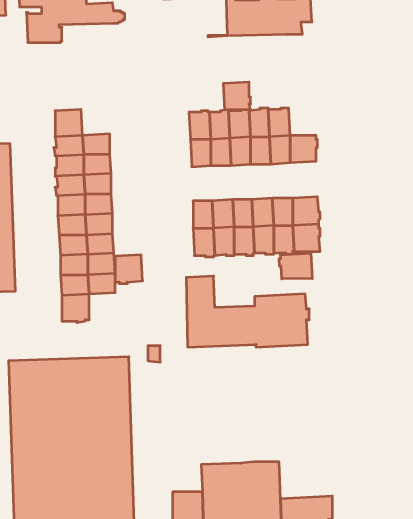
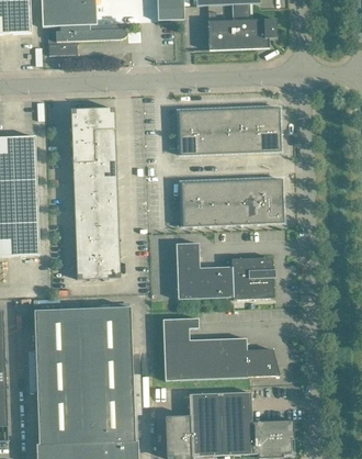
building: [223,82,251,109] -> [259,107,281,128]
building: none -> [92,107,115,128]
building: [279,253,312,279] -> none
building: [115,255,143,284] -> [99,255,121,278]
building: none -> [162,317,280,379]

